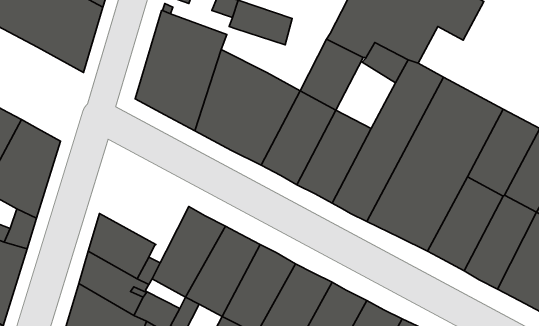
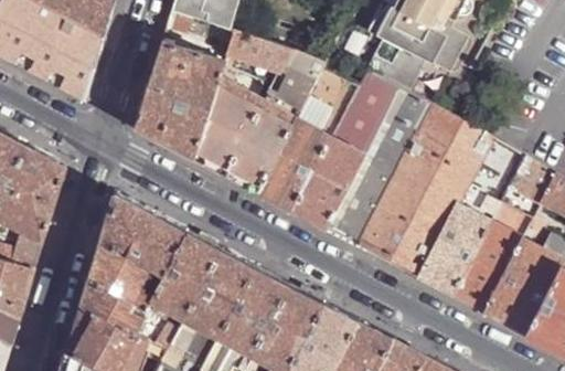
building: none -> [264,51,324,120]
building: none -> [330,88,387,157]
building: none -> [103,194,189,275]

